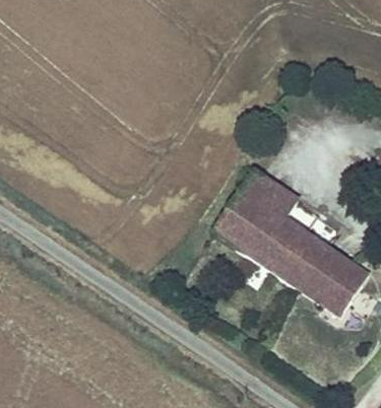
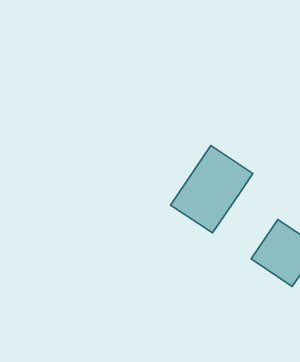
building: [256,217,325,286] -> none

